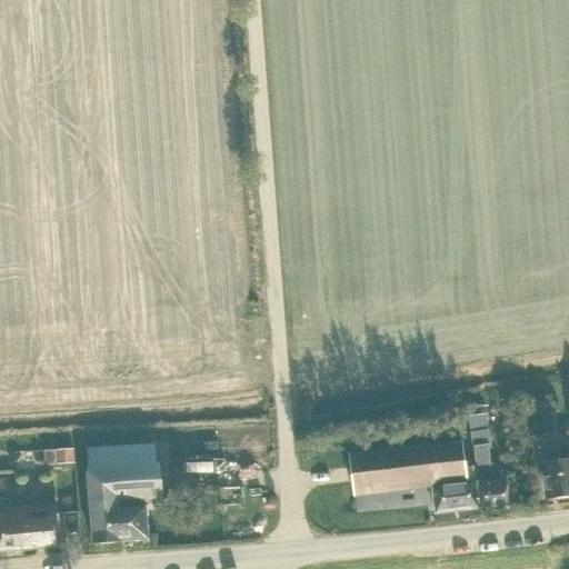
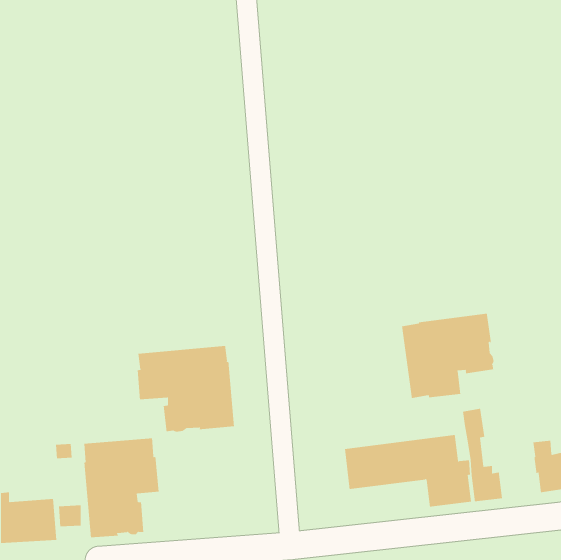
building: none -> [402,313,494,399]
building: none -> [137,345,235,432]

